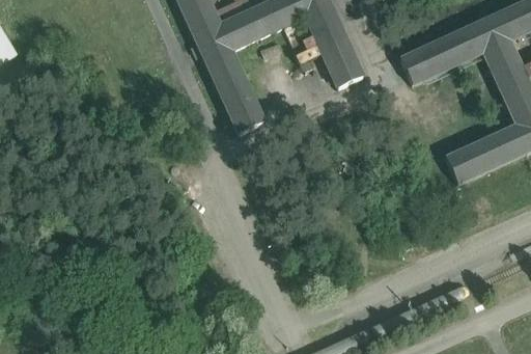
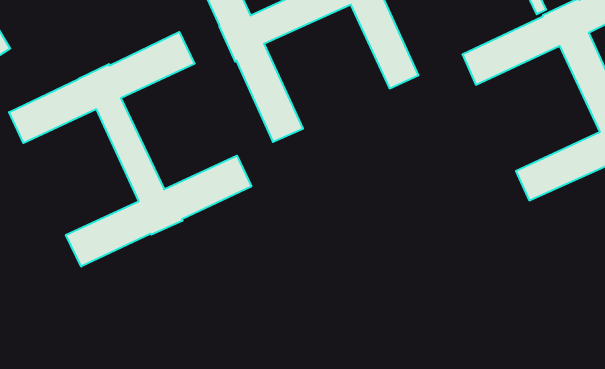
building: none -> [9,32,251,267]

